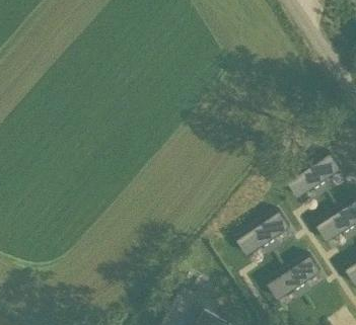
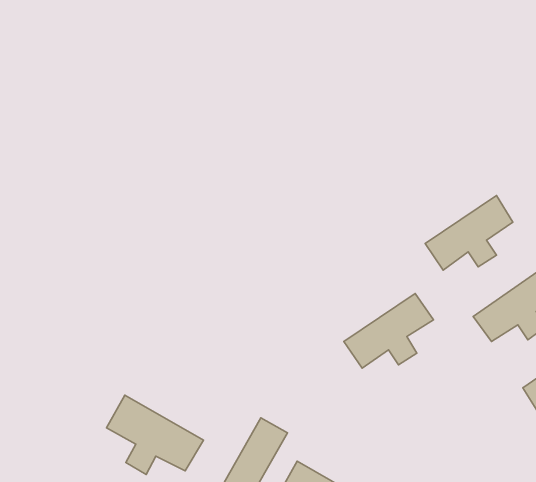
building: [264,254,317,299] -> none
building: none -> [107,395,204,475]

